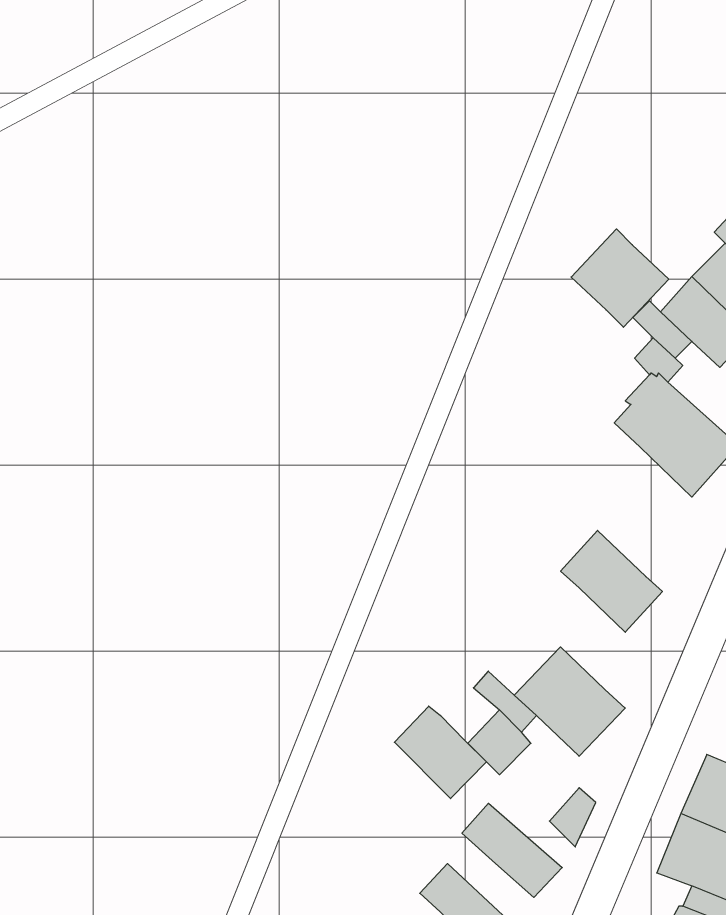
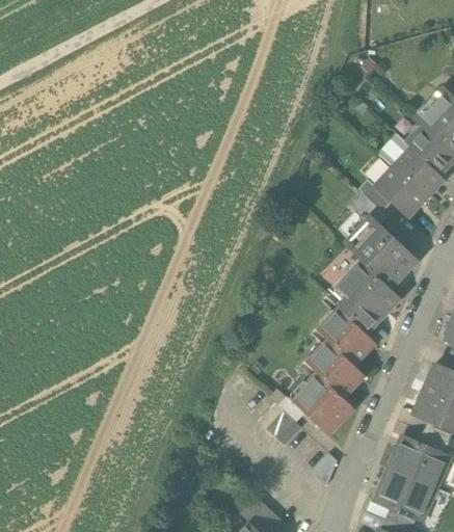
building: [571,229,669,327] -> none
building: none -> [337,262,401,335]
building: none -> [308,341,365,398]
building: [394,706,486,799] -> none
building: [462,803,562,897] -> none

